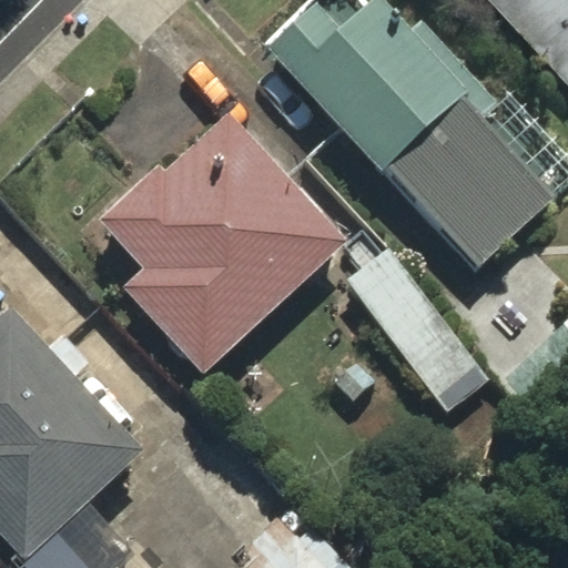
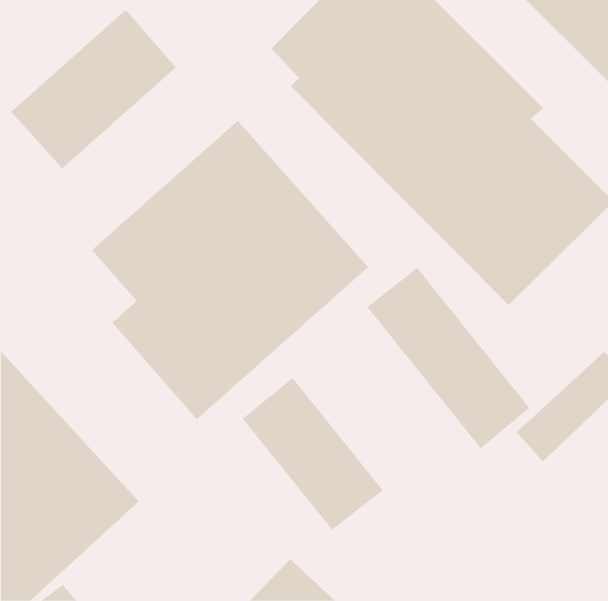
building: none -> [10,9,176,169]
building: none -> [242,377,384,531]

